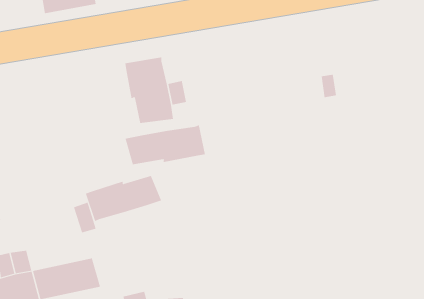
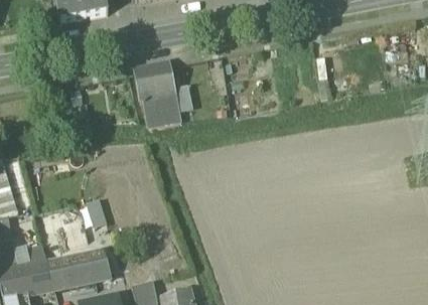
building: [125,125,205,165] -> none
building: [85,175,162,222] -> none

